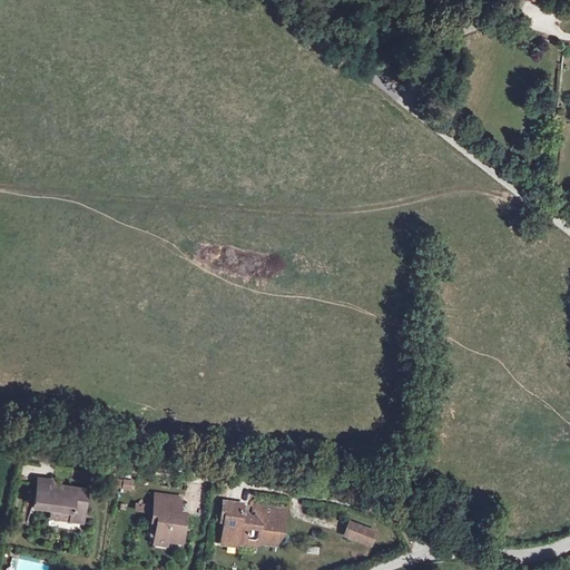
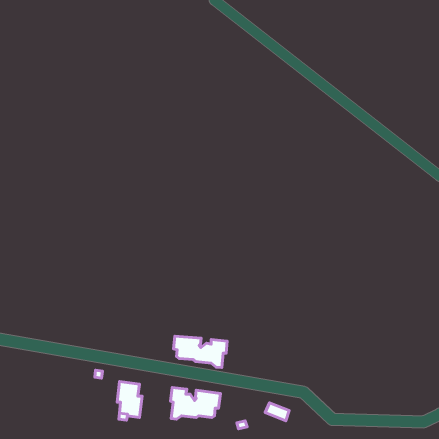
building: none -> [174,336,227,367]
building: [36,483,88,522] -> none

